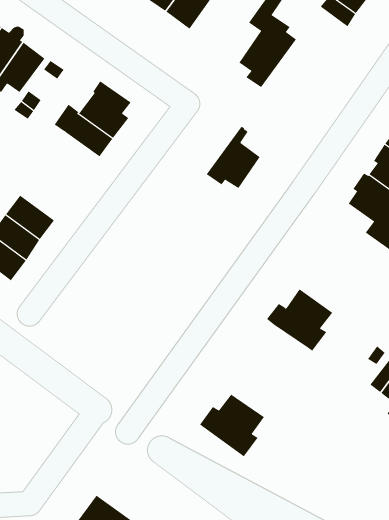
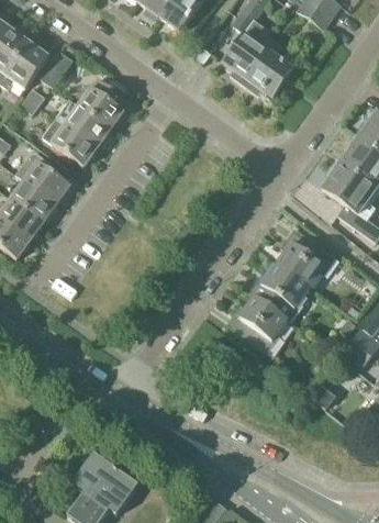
building: none -> [42,118,97,167]
building: [206,126,261,189] -> [243,41,292,98]
building: none -> [14,154,70,204]
building: none -> [277,230,335,288]
building: [199,394,265,457] -> [225,299,285,356]

